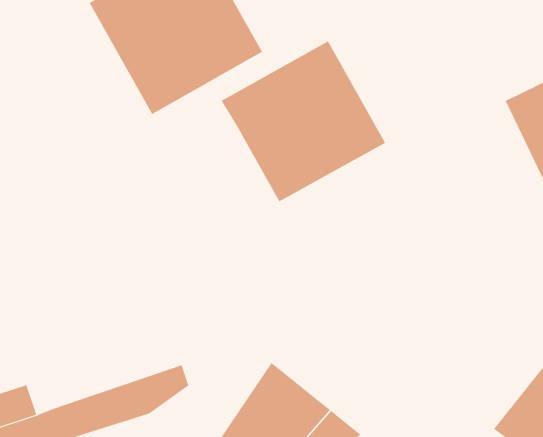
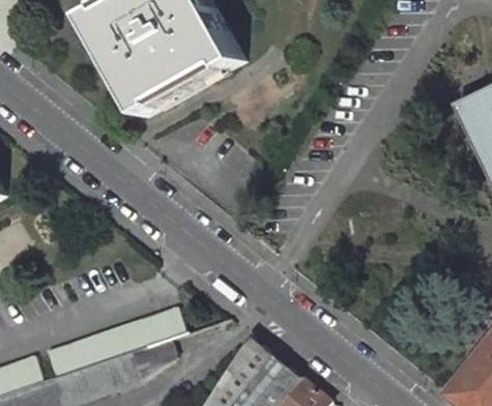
building: [221,40,386,202] -> none
building: none -> [44,308,182,379]

